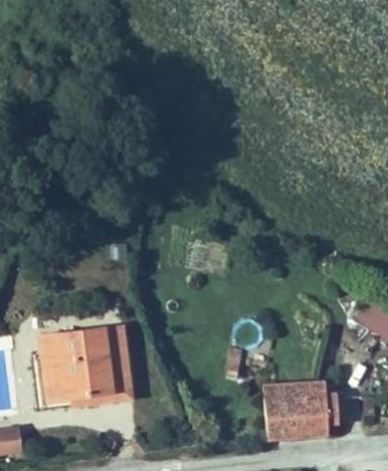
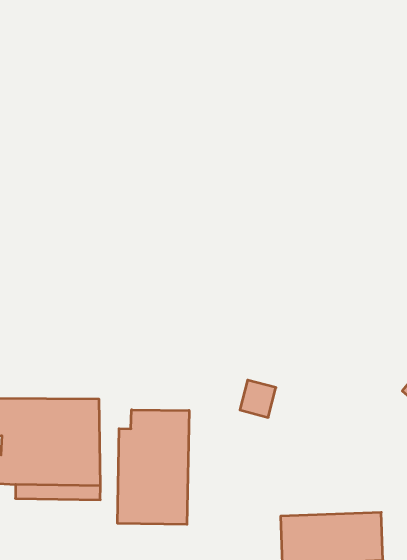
building: none -> [118,410,189,524]

